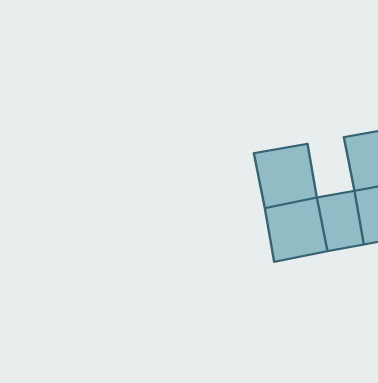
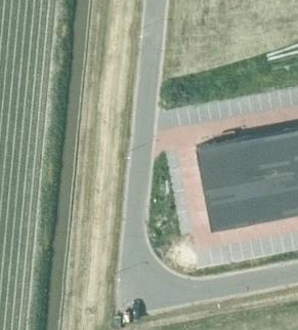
building: none -> [242,136,278,182]

